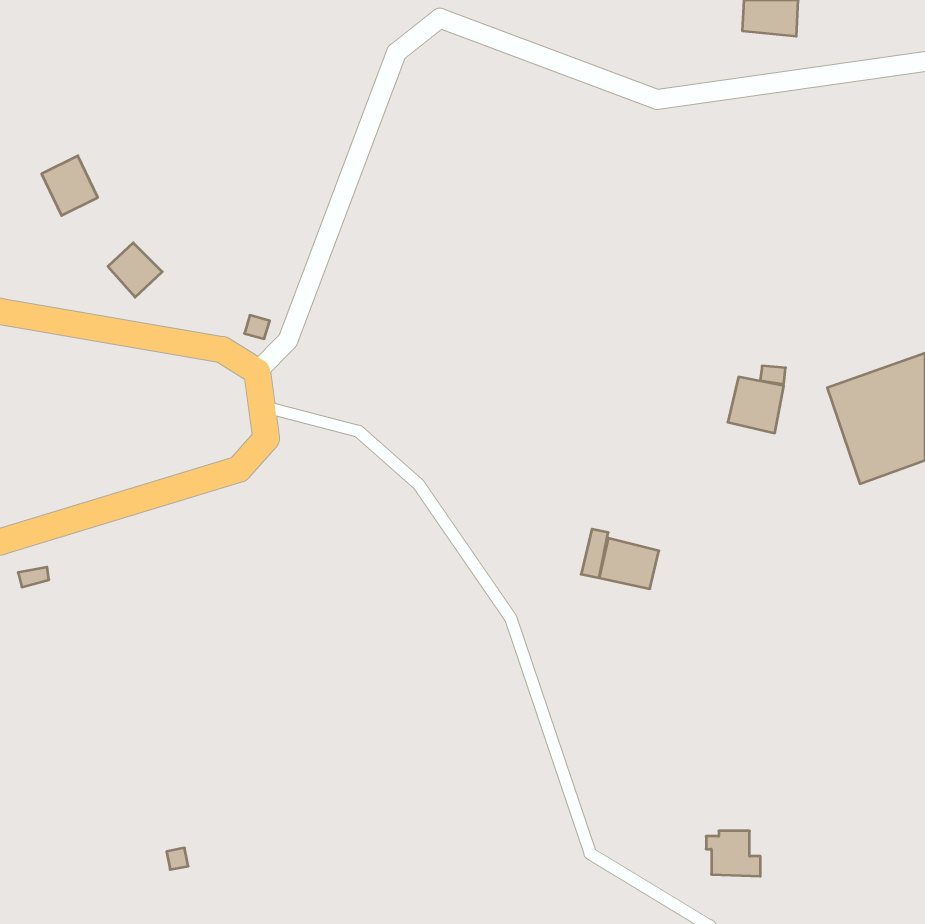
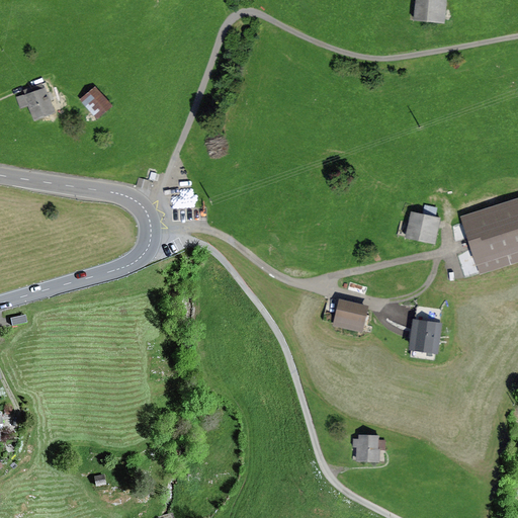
building: [108,243,162,297] -> [81,88,111,118]
building: none -> [411,308,441,350]
building: [706,831,760,876] -> [353,438,383,463]

